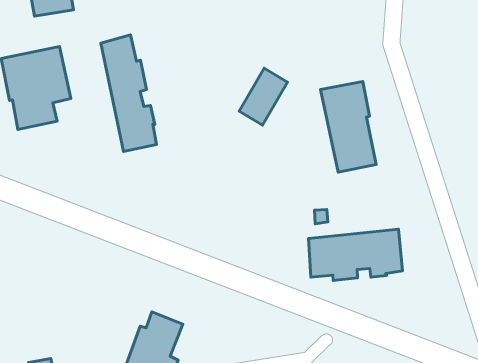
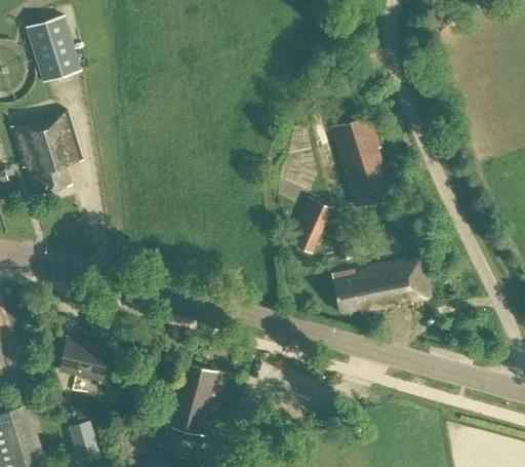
building: [101,35,157,152] -> none
building: [239,68,288,125] -> [287,197,332,254]
building: none -> [60,338,112,380]

